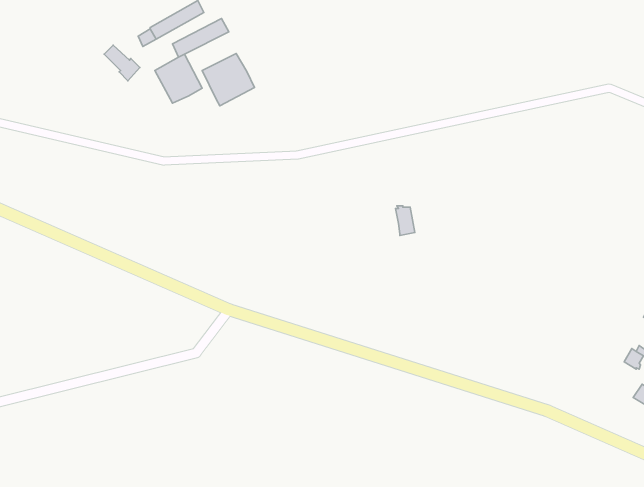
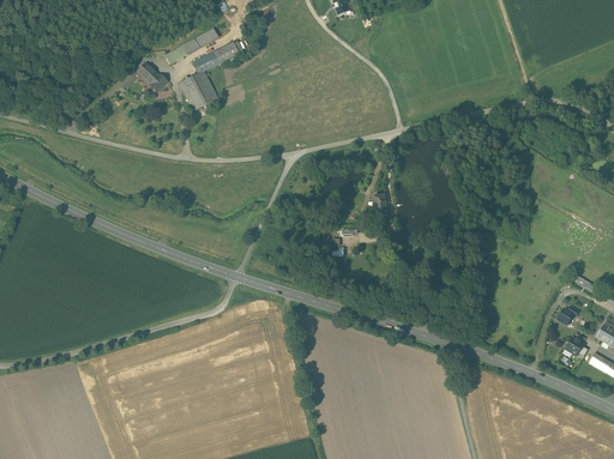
building: [202,54,255,106] -> none

